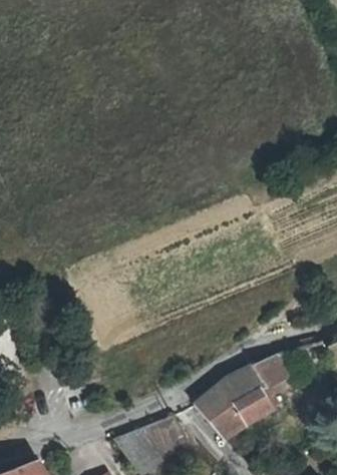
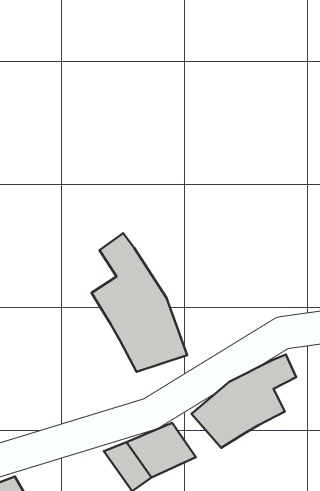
building: none -> [91,233,187,372]

